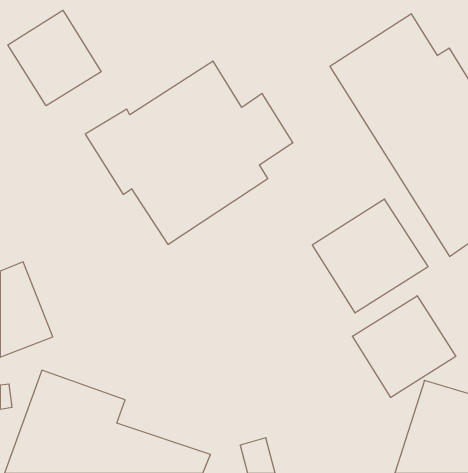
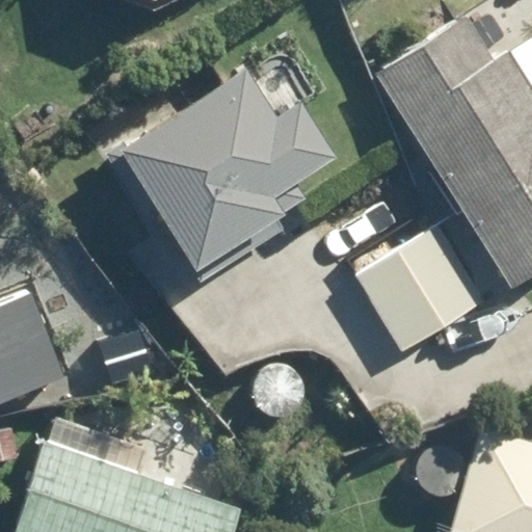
building: [8,10,101,106] -> none
building: [352,296,456,397] -> none

